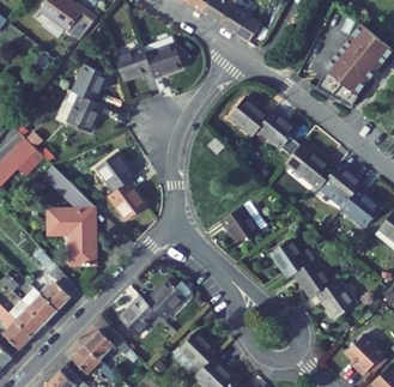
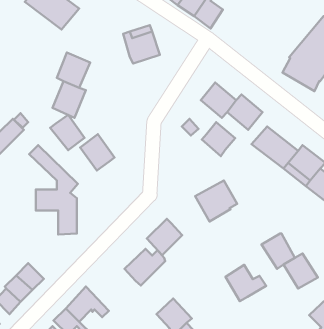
building: [115,44,151,79] -> none
building: none -> [202,122,235,156]
building: [109,183,146,222] -> [50,115,85,150]
building: [269,238,314,278] -> [225,265,266,301]
building: [40,267,77,310] -> none
building: [119,295,157,334] -> [147,219,182,255]

